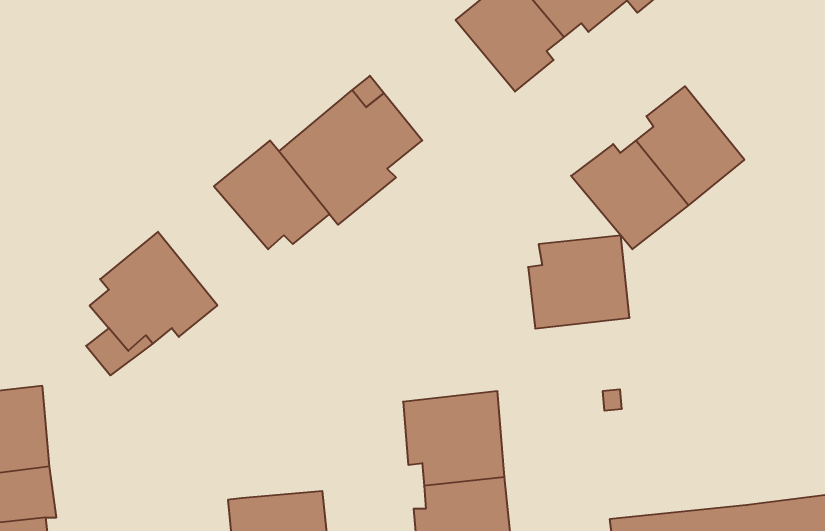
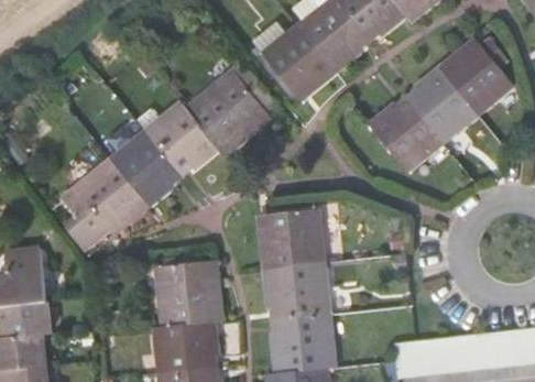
building: none -> [253,18,336,94]
building: none -> [443,39,516,113]
building: none -> [111,130,181,205]
building: [528,235,630,328] -> [261,207,325,265]
building: none -> [157,261,222,326]

